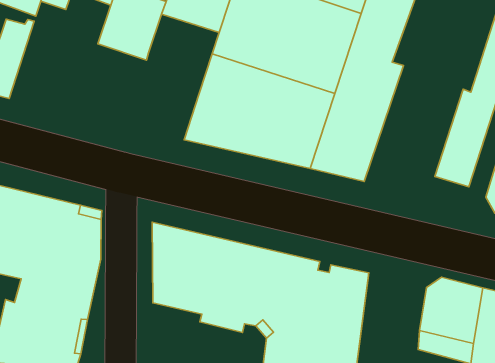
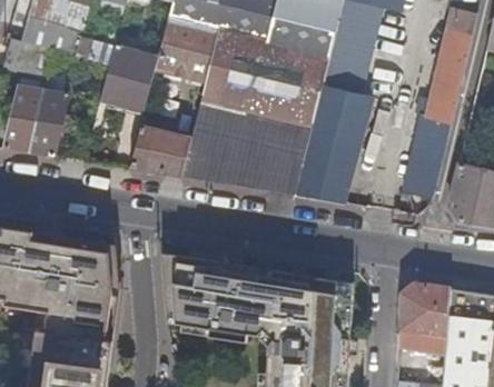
building: none -> [28,86,69,158]
building: none -> [129,106,192,179]

